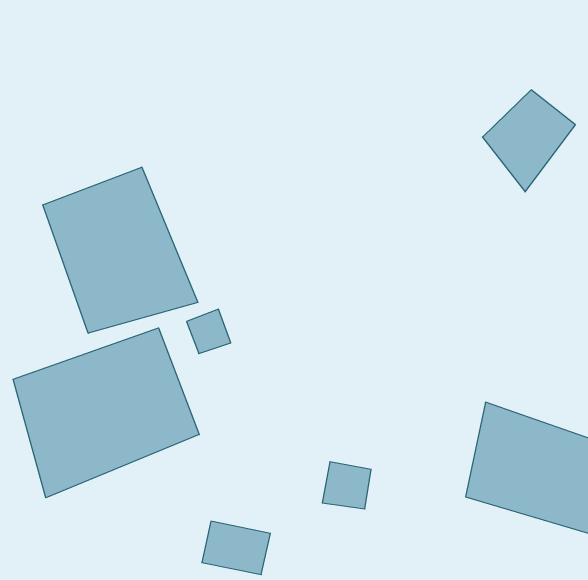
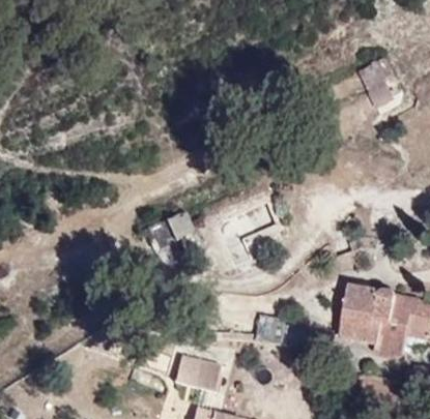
building: [43,167,198,333] -> none
building: [13,328,199,498] -> none

